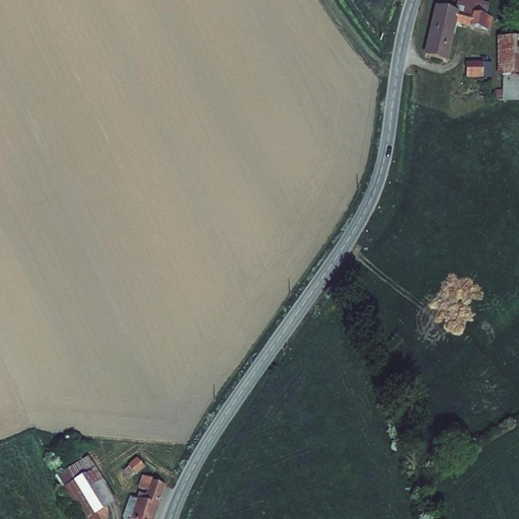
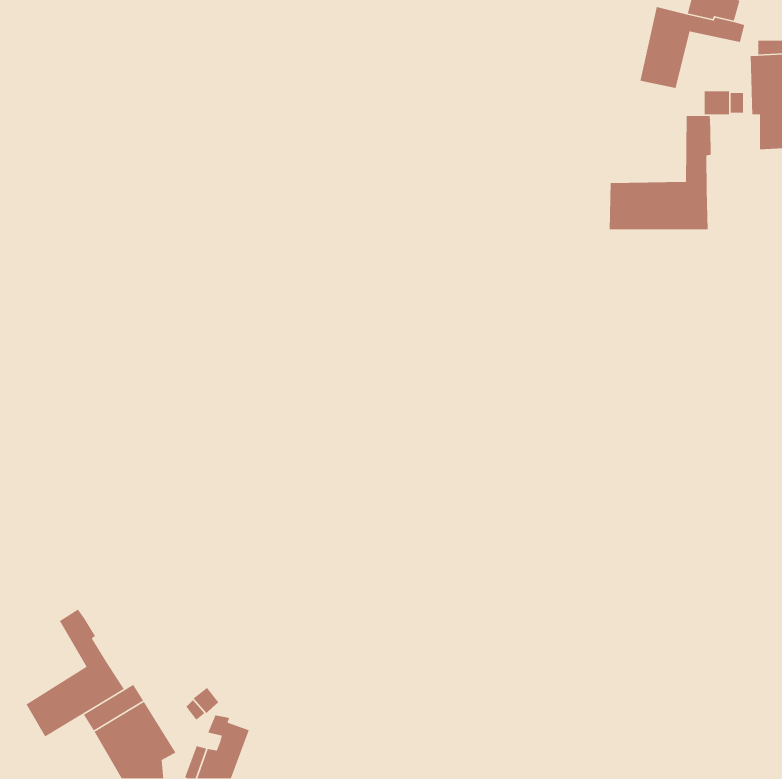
building: none -> [609,115,711,230]
building: none -> [26,609,125,738]

